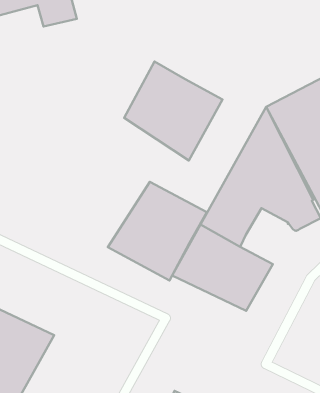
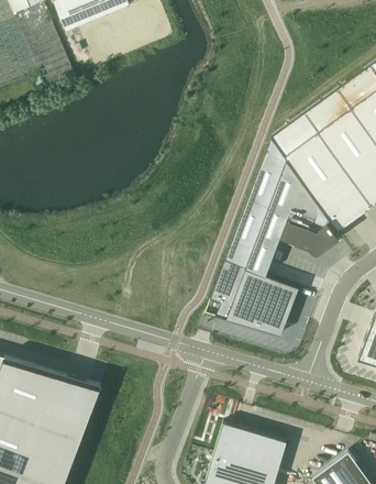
building: [124,62,222,160] -> none
building: [108,182,207,281] -> none

